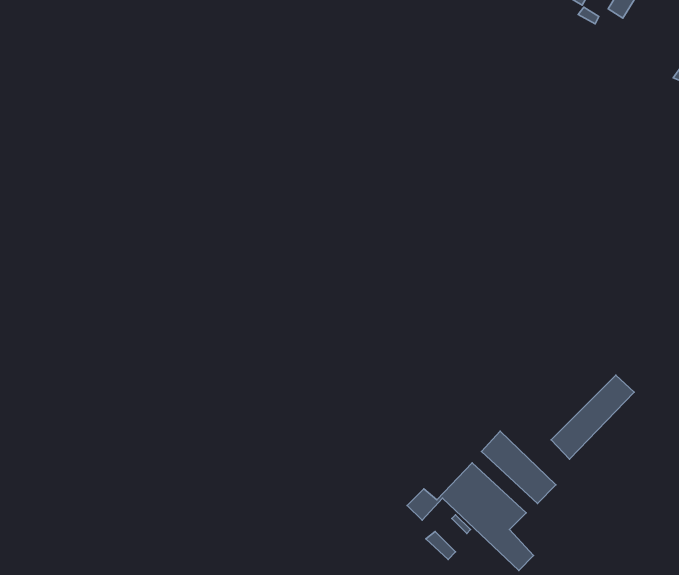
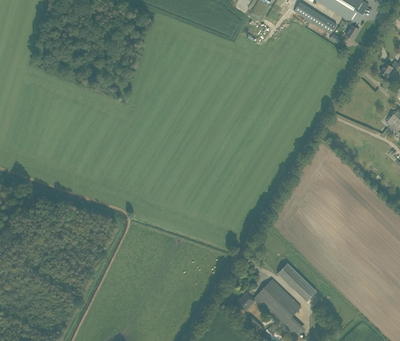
building: [551,375,634,459] -> none

